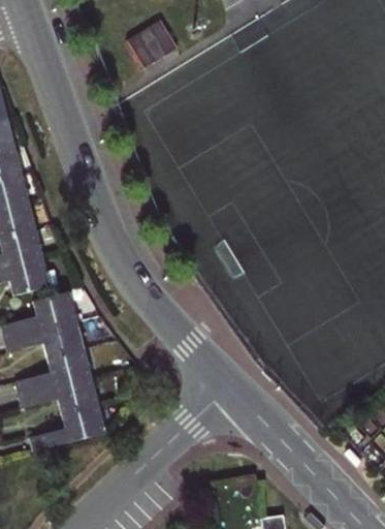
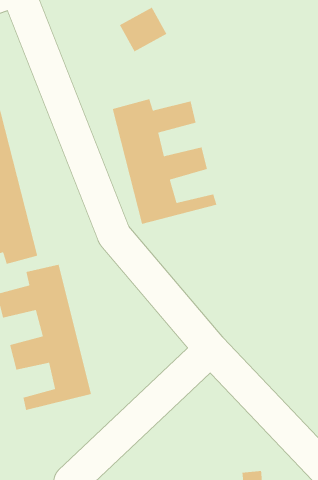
building: none -> [112,98,218,225]

